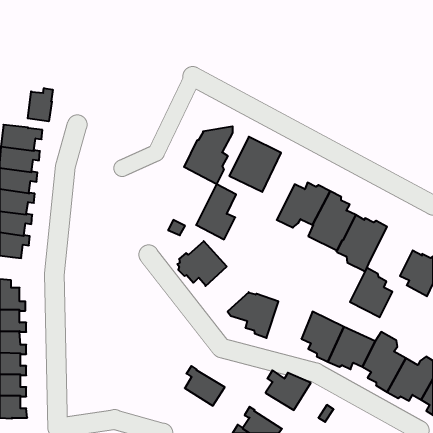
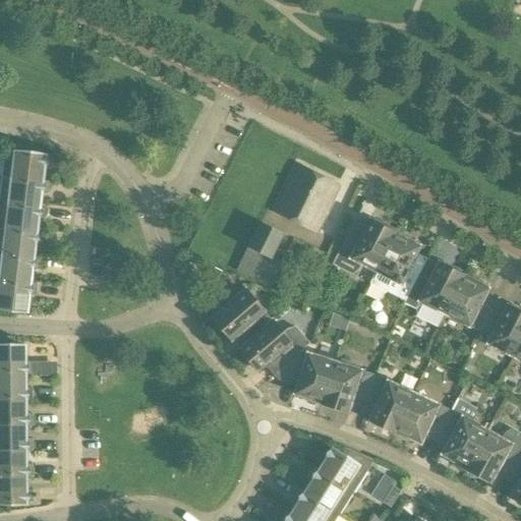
building: [28,88,53,121] -> none
building: [184,126,233,184] -> none
building: none -> [239,320,308,373]
building: [350,268,392,317] -> [444,272,495,331]
building: none -> [320,361,374,410]
building: [185,366,225,406] -> [304,466,352,514]

